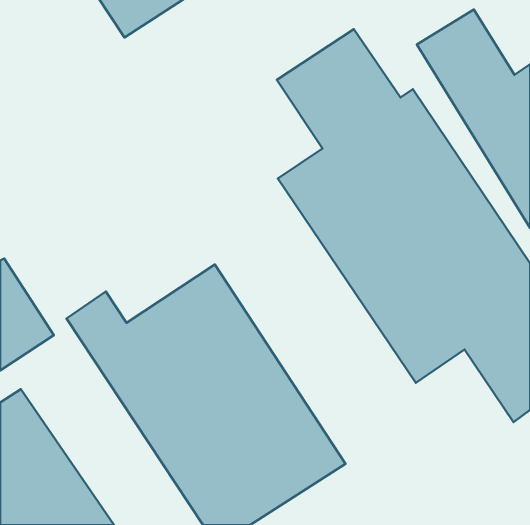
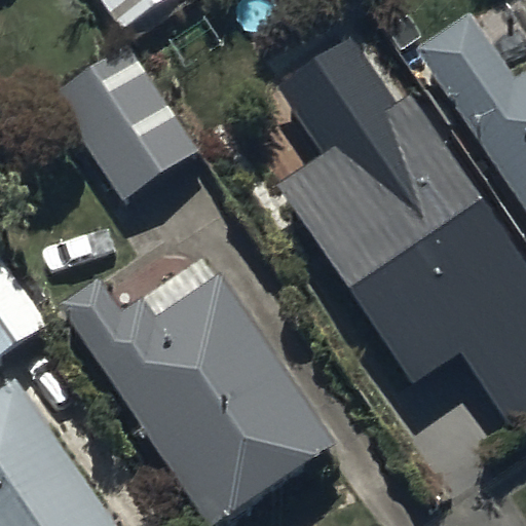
building: none -> [54,49,203,210]

